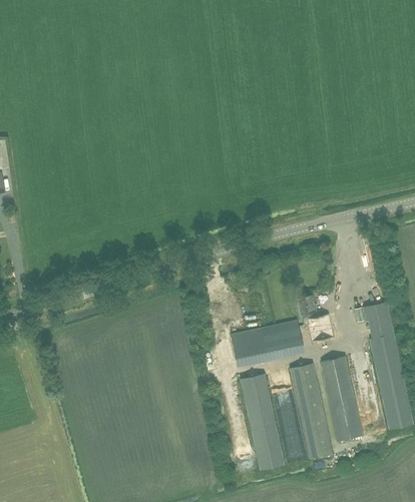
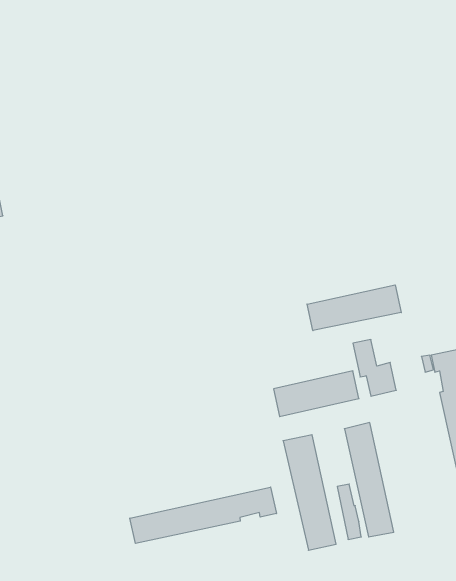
building: none -> [307,285,401,331]
building: [321,357,362,441] -> none
building: none -> [130,487,276,543]

